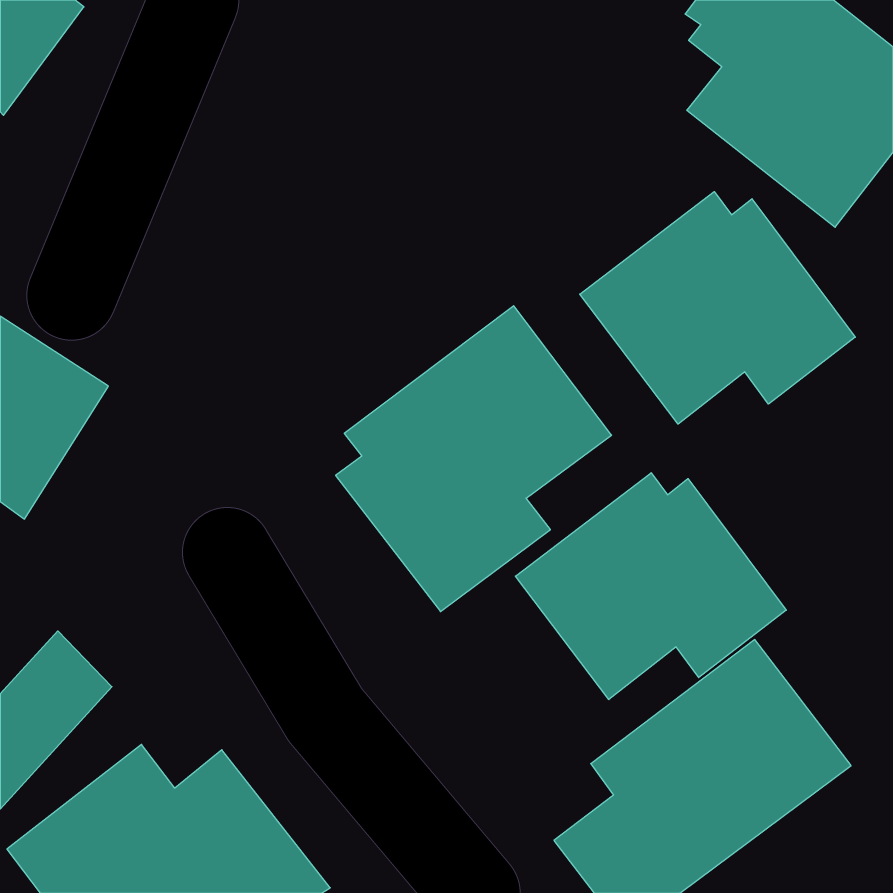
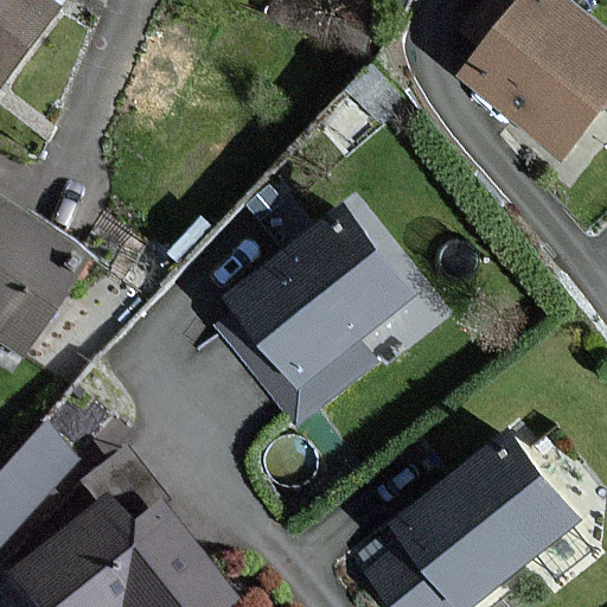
building: [580,192,855,424] -> none
building: [515,473,786,700] -> none

